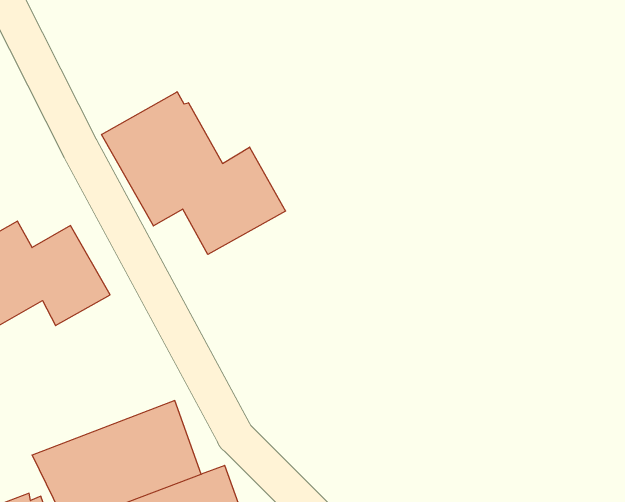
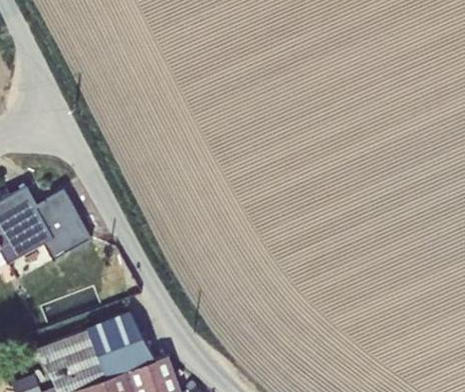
building: [102,92,286,254] -> none

